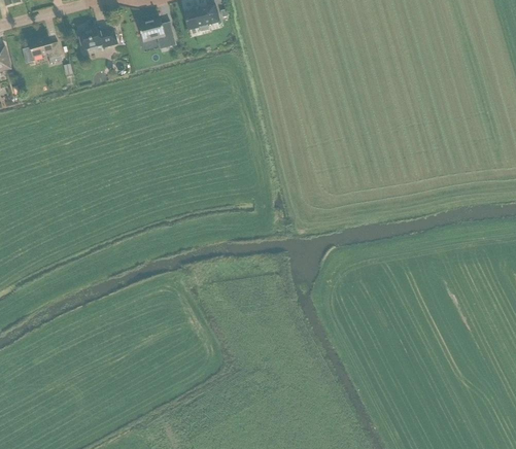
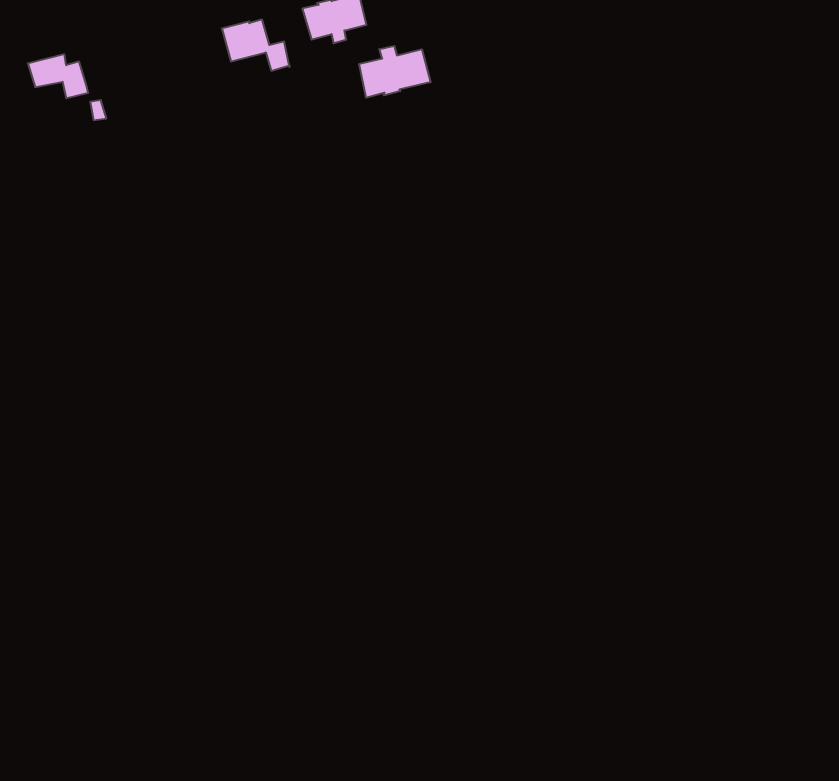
building: [77,26,117,49] -> none
building: none -> [359,46,431,98]

